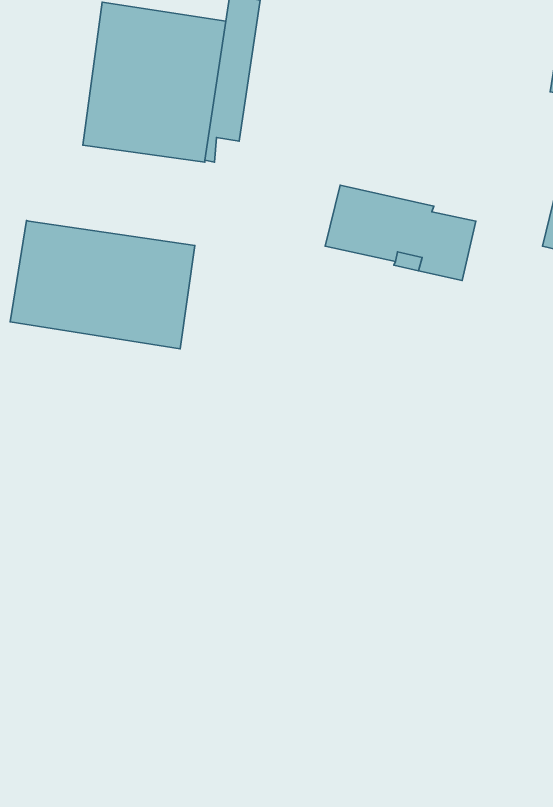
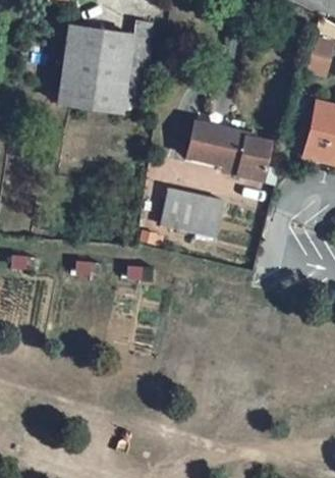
building: [10,221,195,349] -> none
building: none -> [161,188,224,235]

